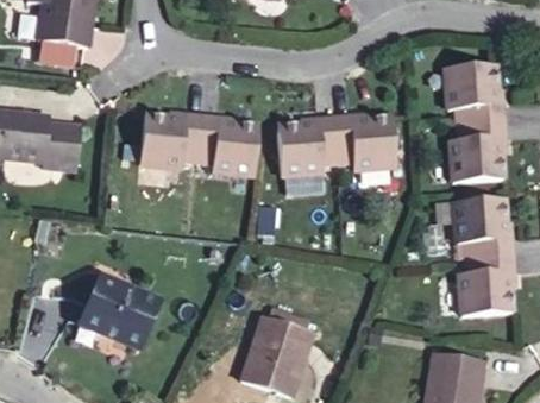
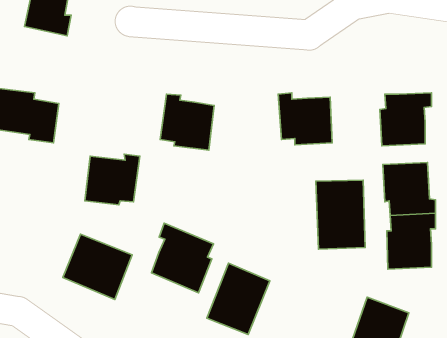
building: [435,56,500,115] -> none
building: [132,113,195,171] -> [85,154,140,205]
building: [265,115,327,178] -> none
building: none -> [316,180,365,249]
building: none -> [151,223,214,293]

